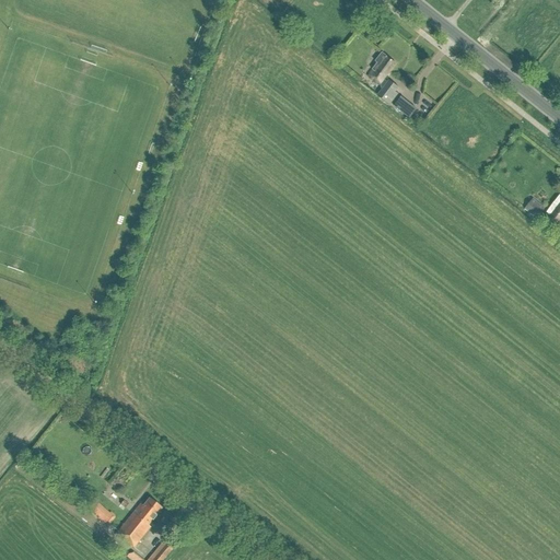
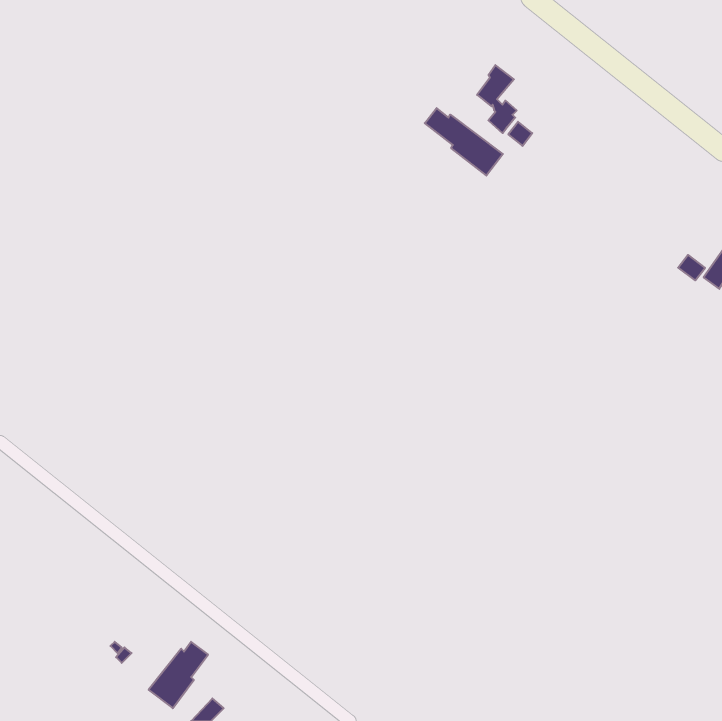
building: none -> [425,108,503,176]

